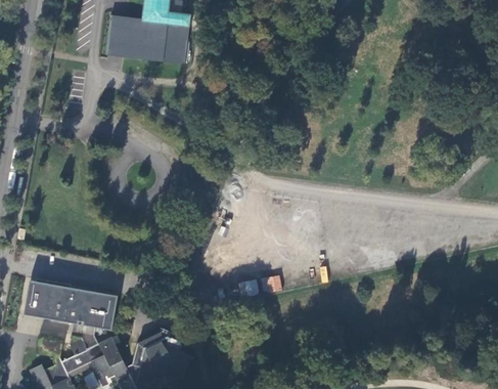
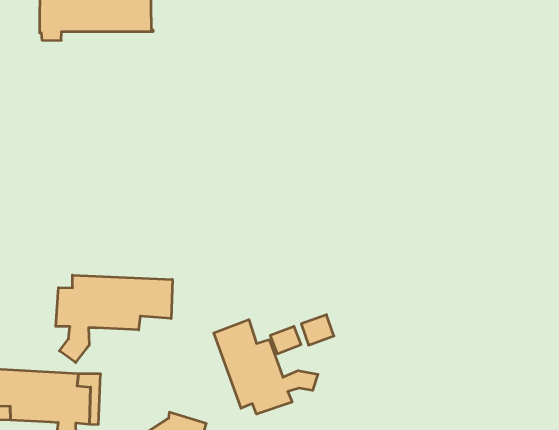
building: none -> [56,275,172,363]
building: none -> [214,320,318,414]

